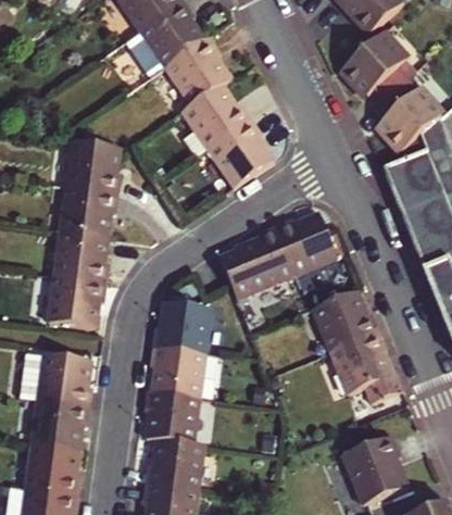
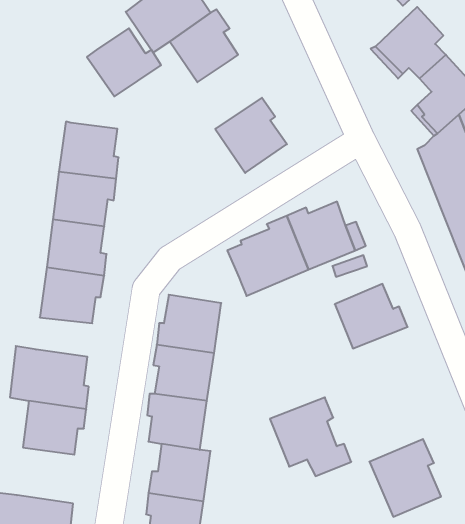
building: [180,88,248,150] -> [87,28,161,96]
building: [330,330,404,402] -> [270,397,351,476]
building: [25,440,79,491] -> none

